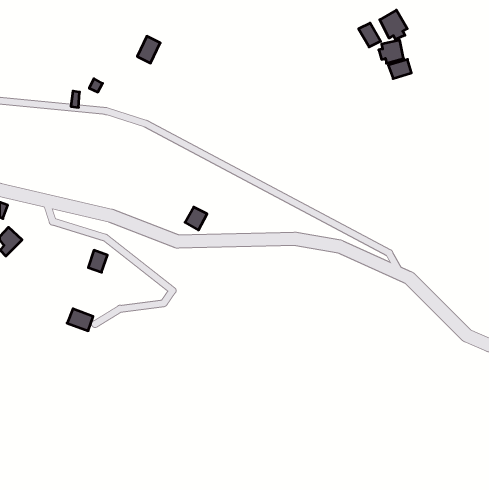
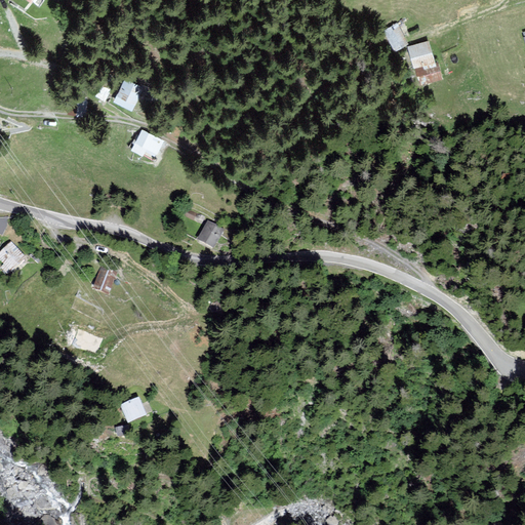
building: [380,10,407,40] -> none
building: [137,36,160,63] -> [116,80,140,109]
building: none -> [132,130,162,157]
building: none -> [121,398,150,421]

